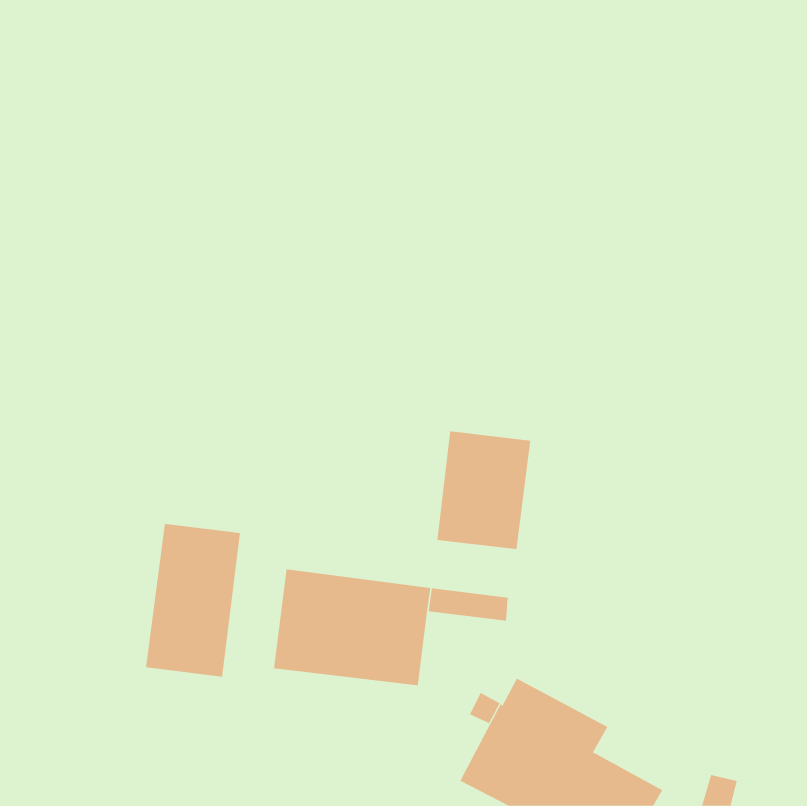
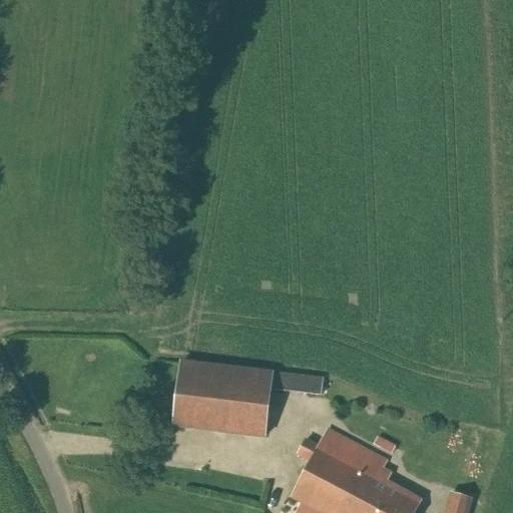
building: [437,430,531,550] -> none
building: [145,523,241,678] -> none

